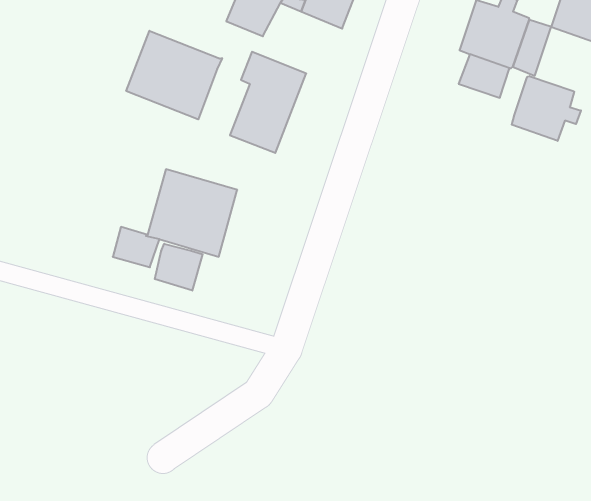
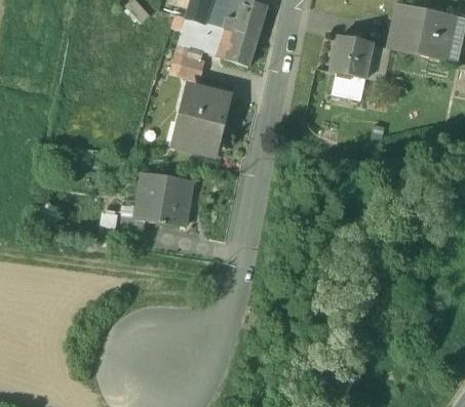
building: [126,31,222,119] -> none
building: [512,76,581,141] -> none
building: [155,244,203,291] -> none

